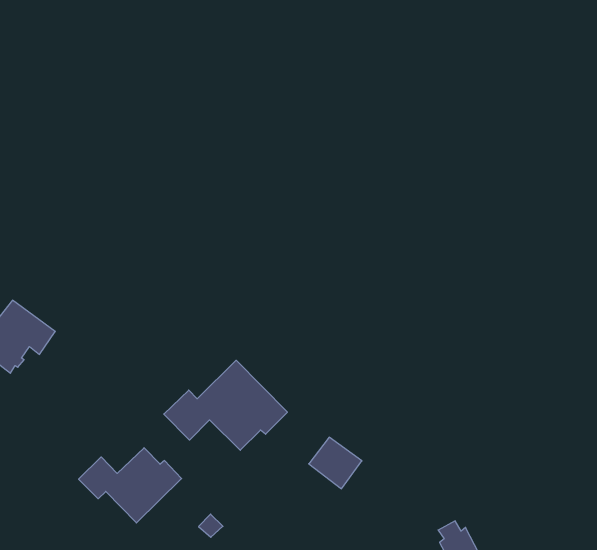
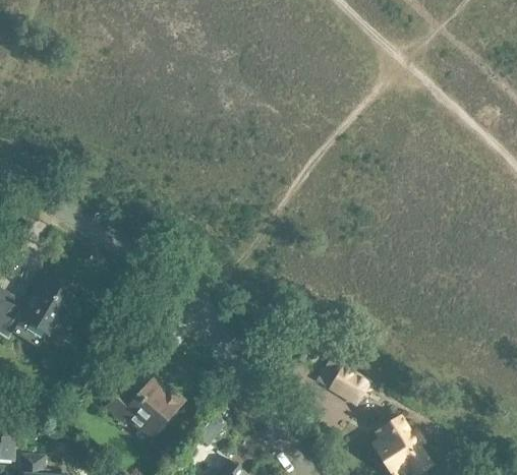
building: [164,360,287,450] -> none
building: [309,437,362,489] -> [330,368,369,406]

